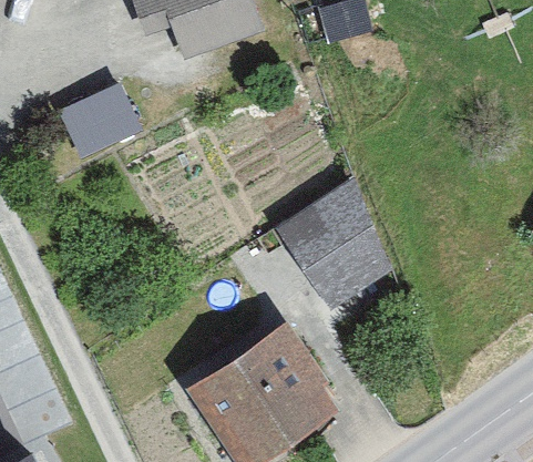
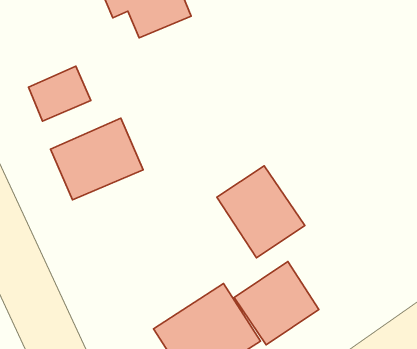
building: none -> [50,118,143,200]
building: none -> [234,262,319,345]

